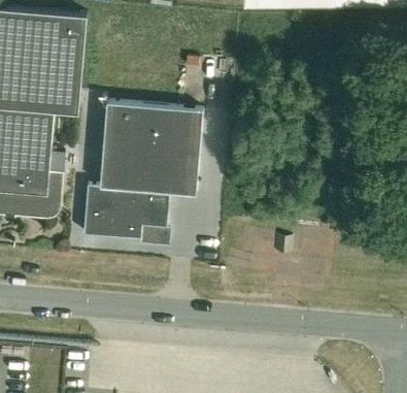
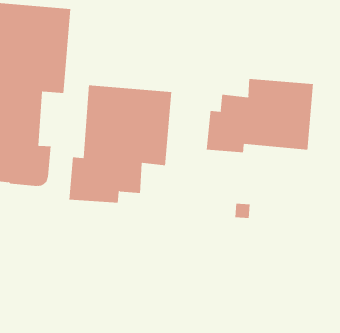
building: none -> [206,78,313,153]

